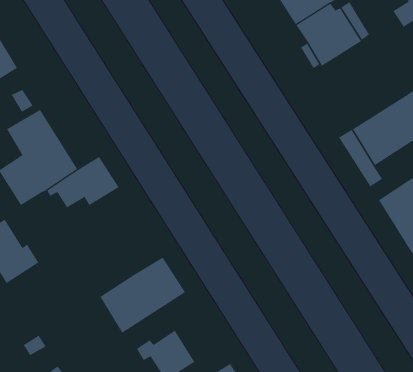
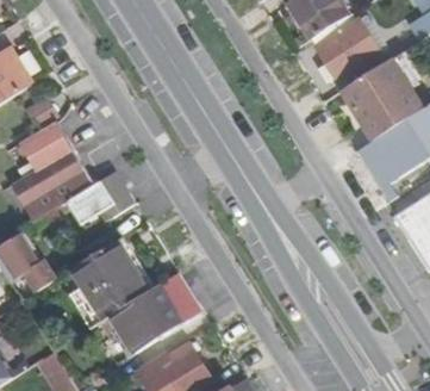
building: none -> [343,60,423,141]
building: none -> [70,241,148,319]

